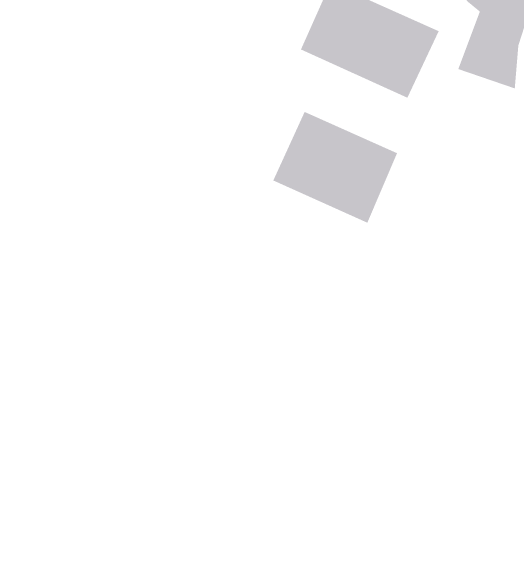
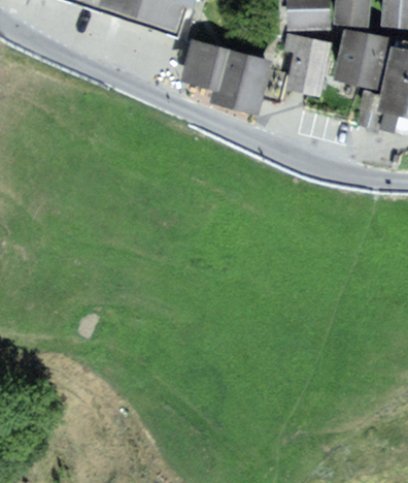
building: [272,111,398,224] -> none

